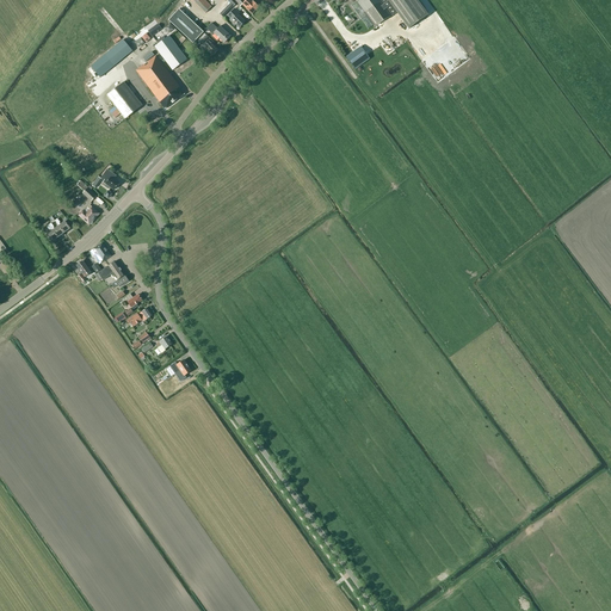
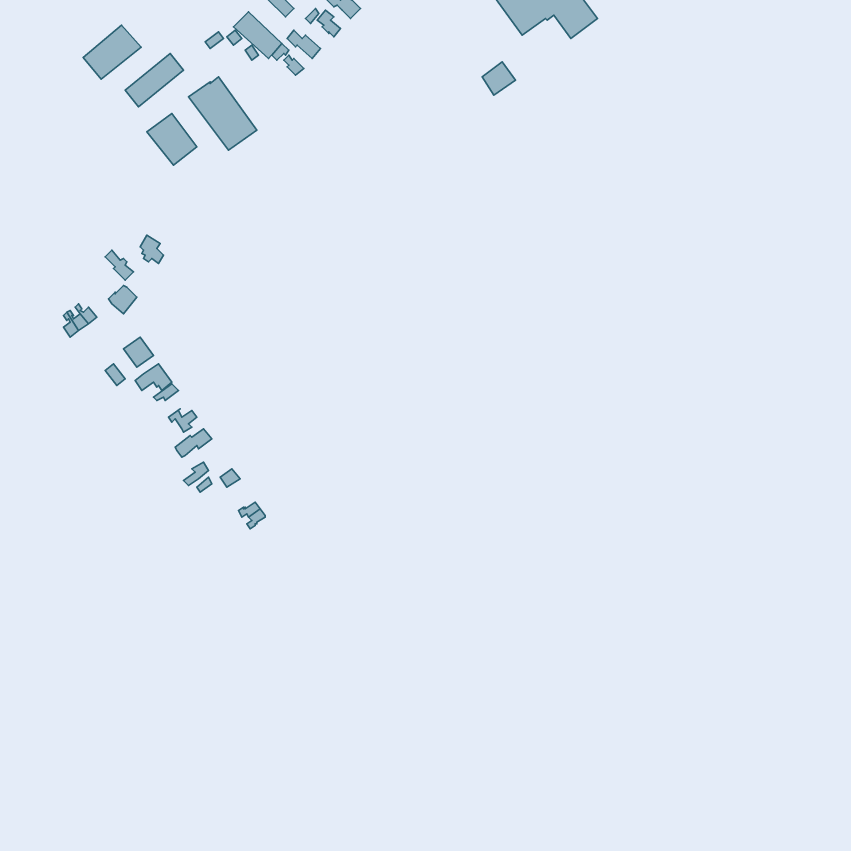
building: none -> [83,25,141,79]
building: [153,35,185,69] -> none

